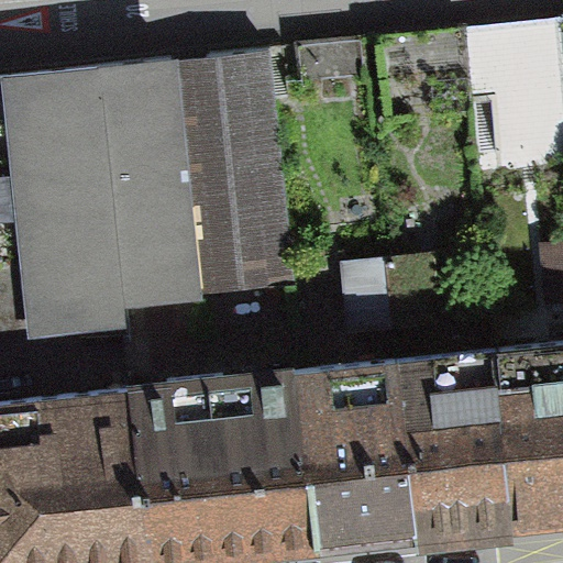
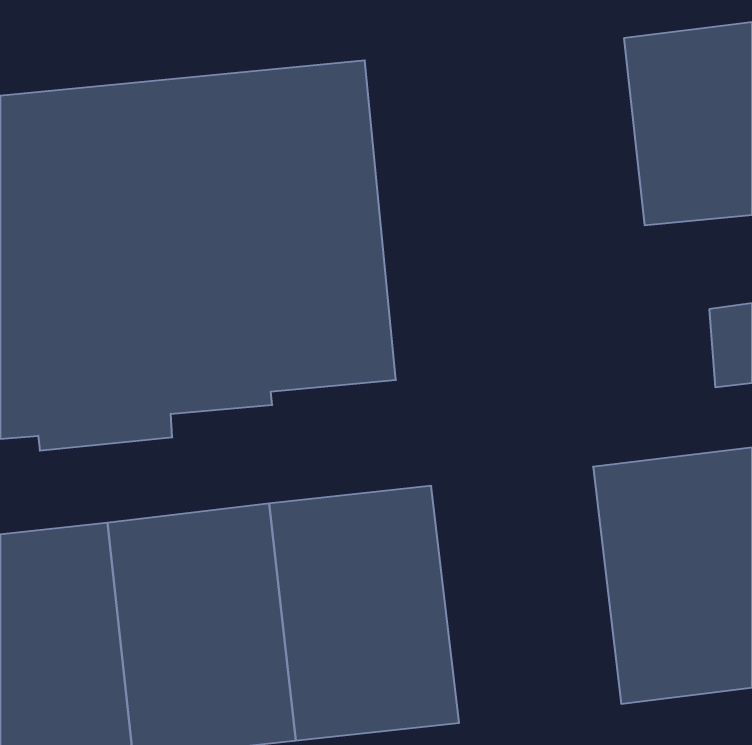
building: [322,354,464,545] -> none

